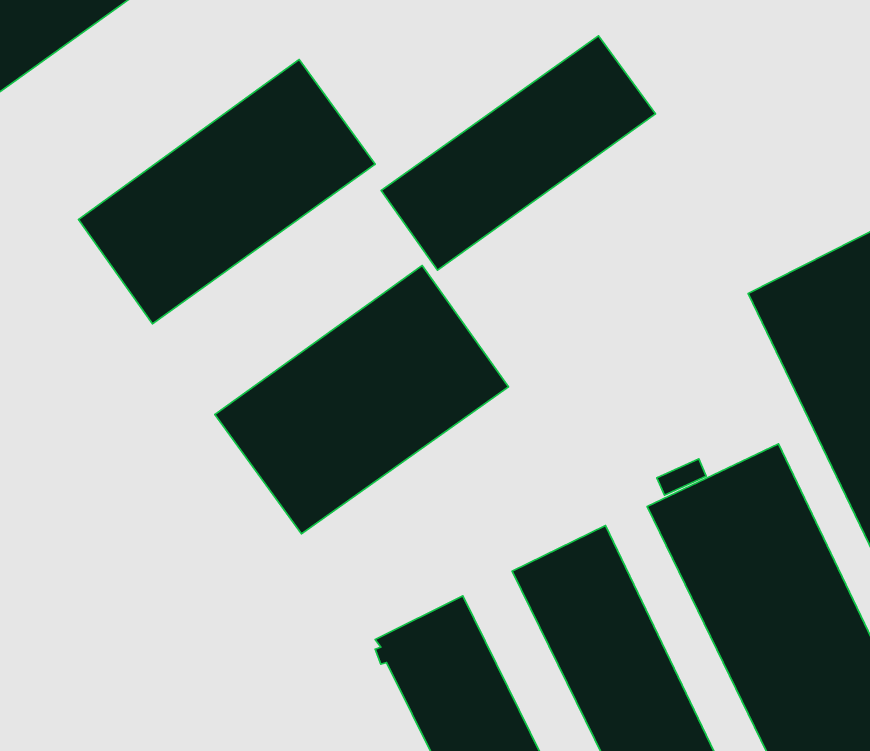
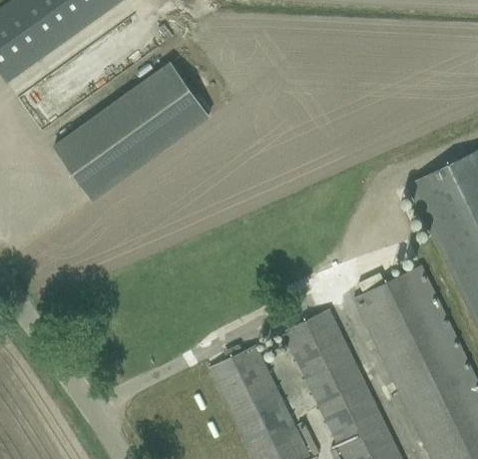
building: [381,36,655,270] -> none
building: [215,265,509,534] -> none

